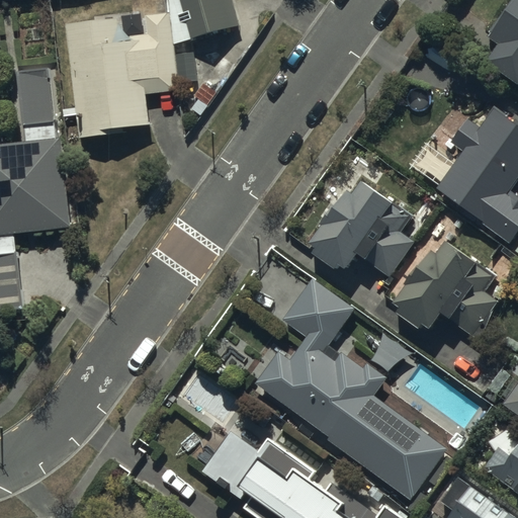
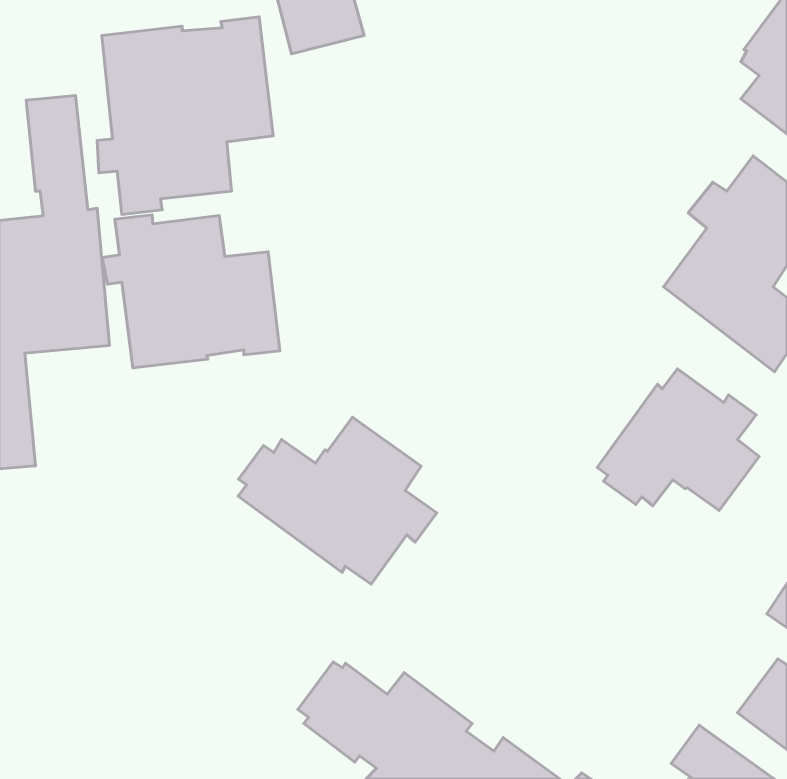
building: none -> [102,215,280,368]
building: [309,178,415,276] -> none
building: none -> [238,417,437,584]
building: [254,276,447,500] -> none

